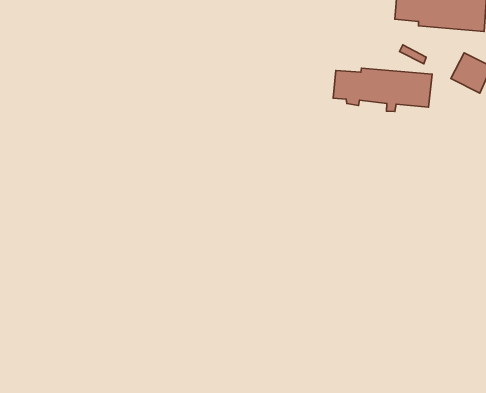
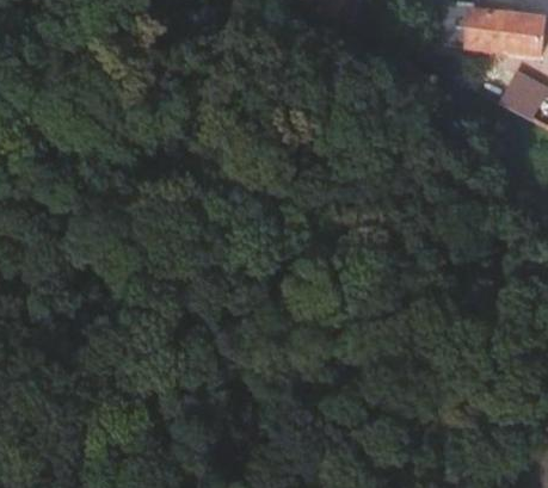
building: [333,68,432,111] -> none

